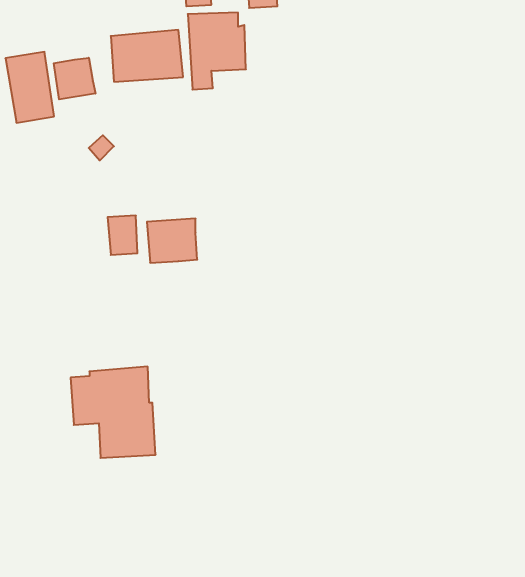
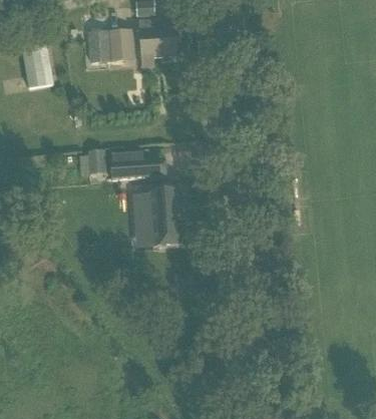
building: [54,58,95,99] -> none
building: [71,367,156,458] -> [132,187,186,246]

